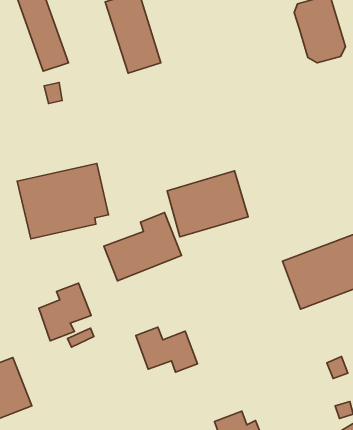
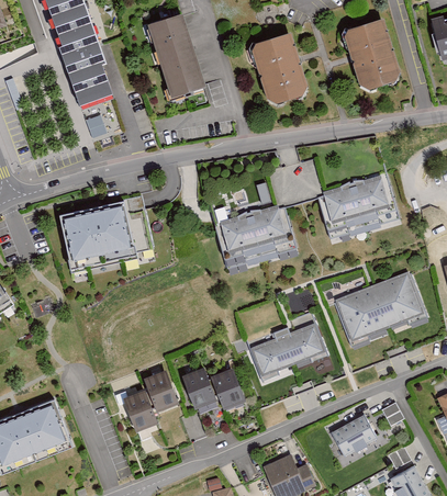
building: none -> [250,34,306,106]
building: none -> [317,176,399,241]
building: [104,213,181,281] -> [248,311,329,382]
building: [39,283,91,341] -> [123,372,178,432]
building: none -> [331,415,376,455]

